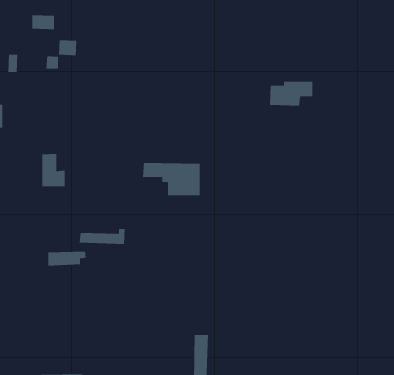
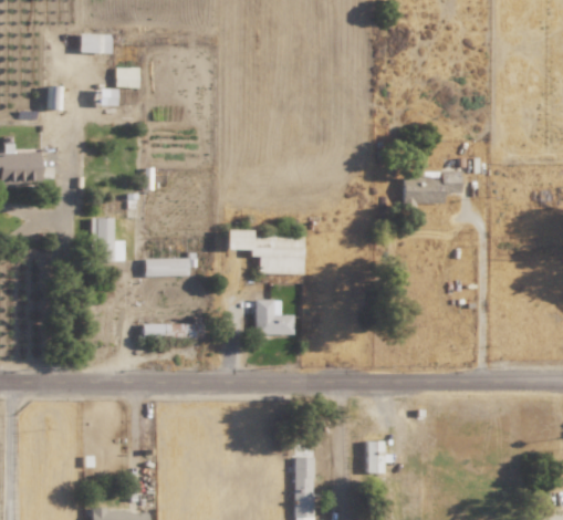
building: [269,81,313,106] -> [404,173,462,206]
building: none -> [256,300,294,335]
building: [48,251,87,266] -> [145,258,197,278]
building: none -> [366,440,392,475]

